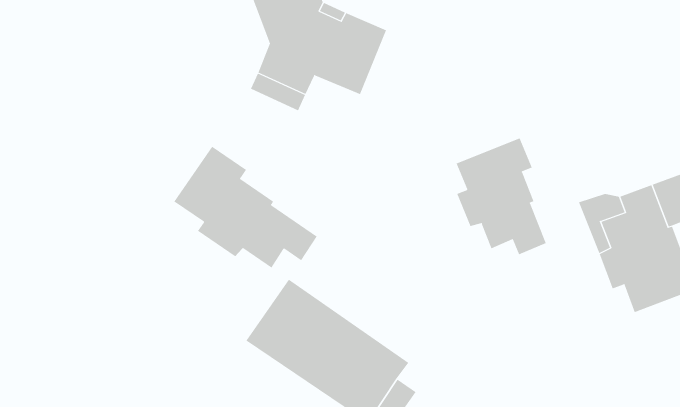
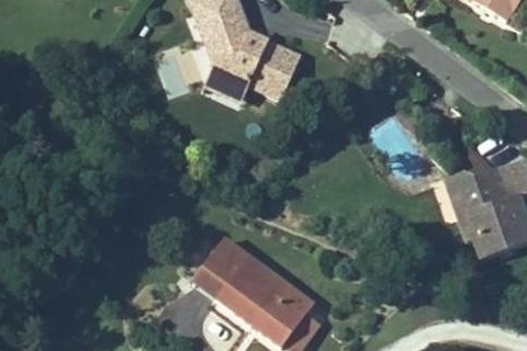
building: [456,137,547,255] -> none
building: [173,146,317,269] -> none

